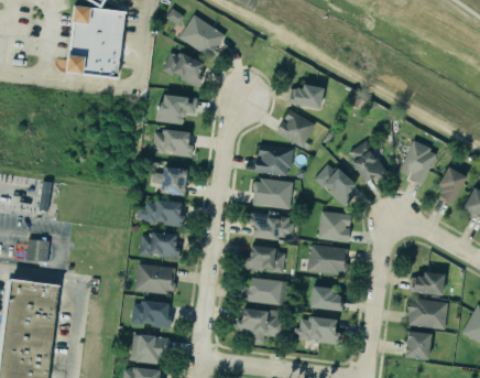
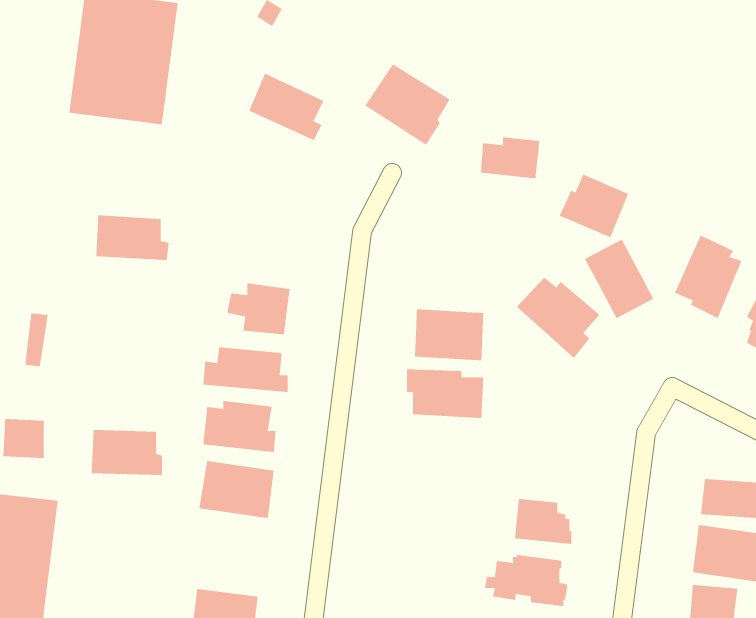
building: [178,14,226,60] -> [364,64,450,145]
building: [156,94,197,123] -> none
building: [277,111,316,147] -> [559,174,629,238]
building: [154,130,195,155] -> [95,215,169,261]
building: [253,143,295,176] -> none
building: [319,210,353,244] -> none
building: [243,245,286,273] -> none
building: [309,245,349,276] -> none
building: [240,277,288,305] -> none
building: [133,302,173,327] -> [91,429,163,475]
building: [237,307,286,343] -> none

